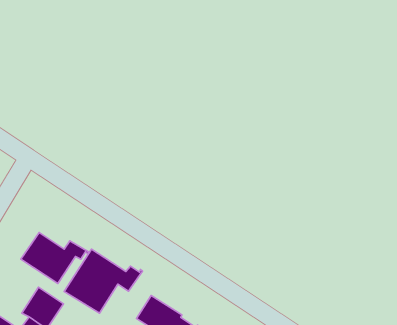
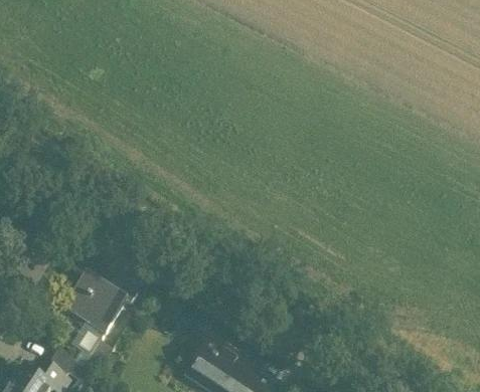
building: [64,249,143,313] -> none

